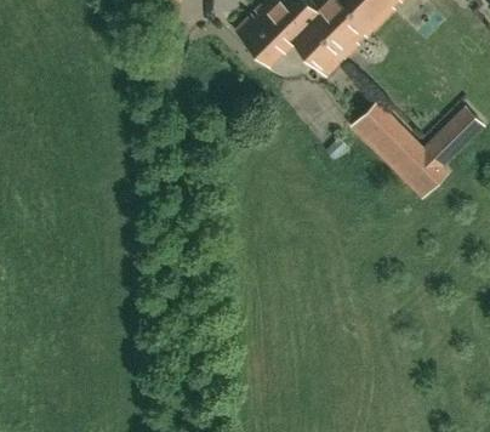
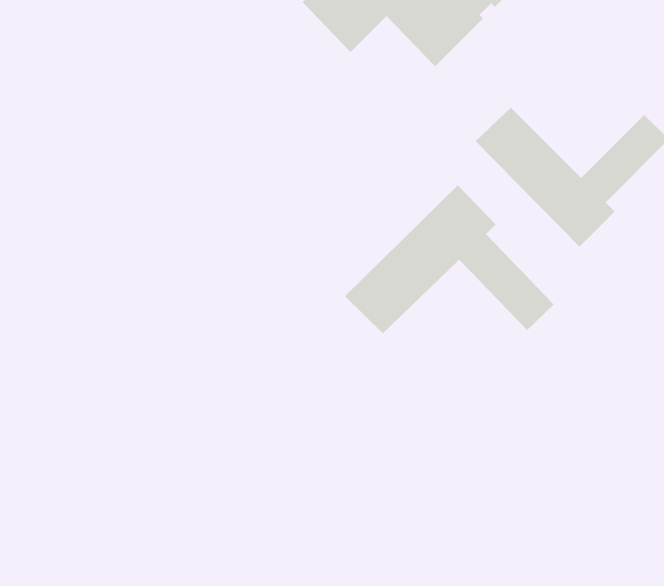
building: none -> [344,184,555,334]

